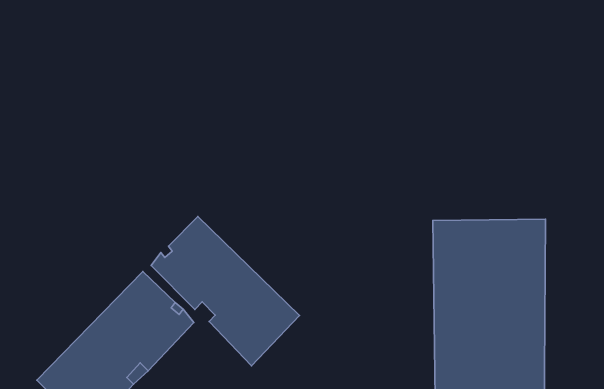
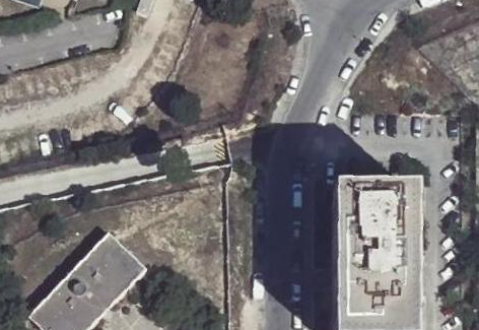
building: [151,216,299,366] -> none

